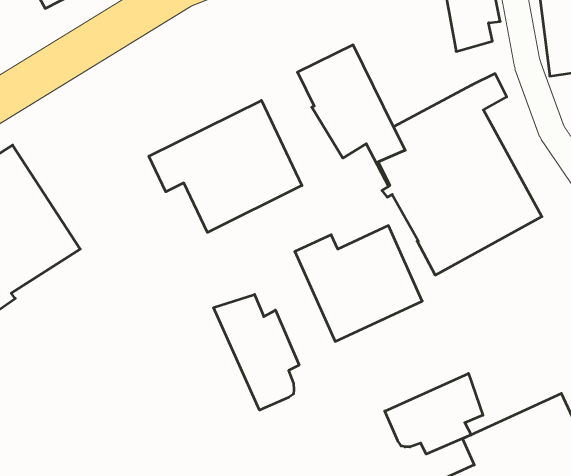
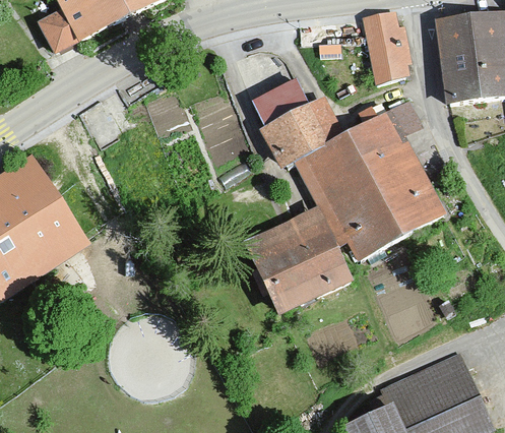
building: [149,100,302,232] -> none
building: [214,294,299,410] -> none
building: [385,373,483,454] -> none

